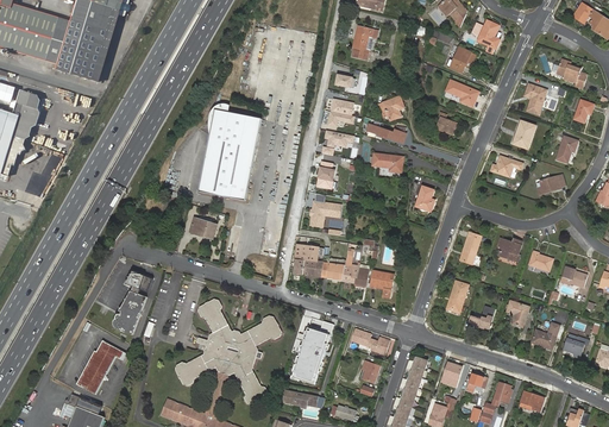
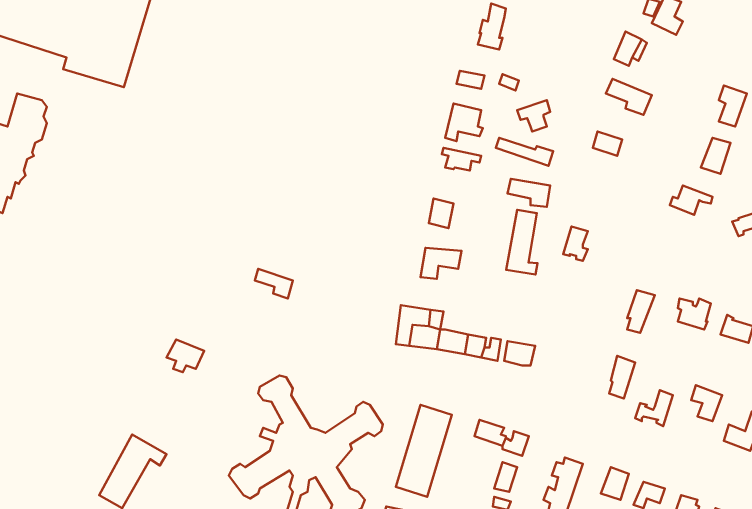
building: [197,109,260,200] -> none
building: none -> [506,210,538,275]
building: [114,289,146,333] -> none

